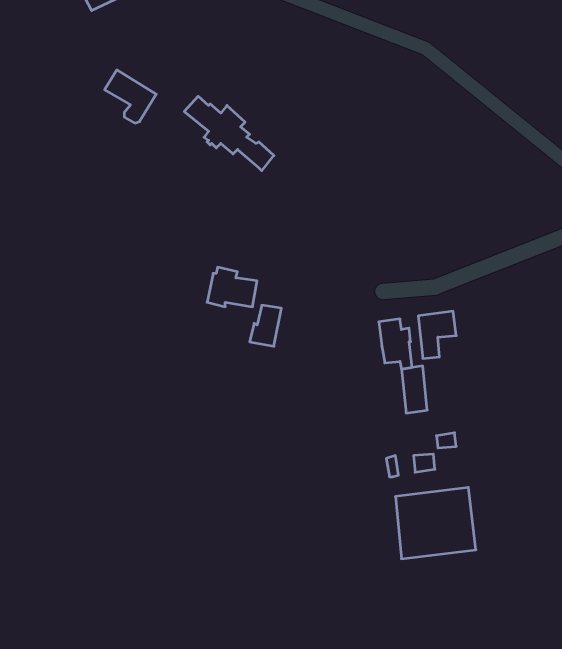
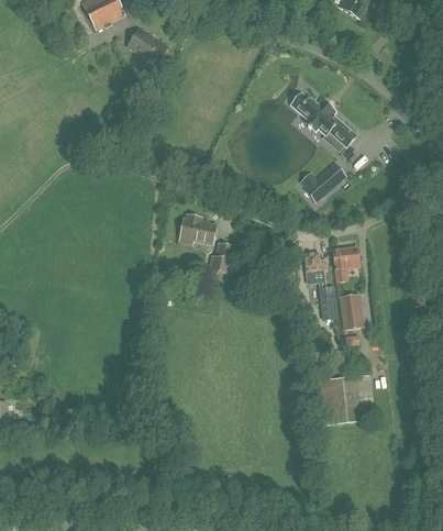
building: [105,70,156,123] -> [130,29,167,67]
building: [184,96,274,171] -> [291,92,356,146]
building: none -> [306,163,345,201]
building: none -> [340,294,359,330]

